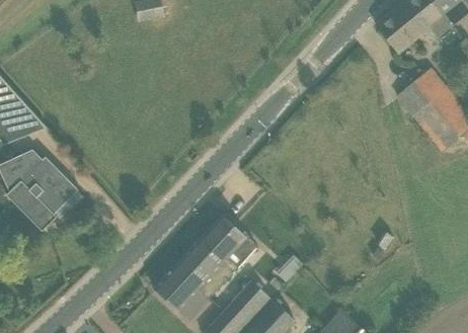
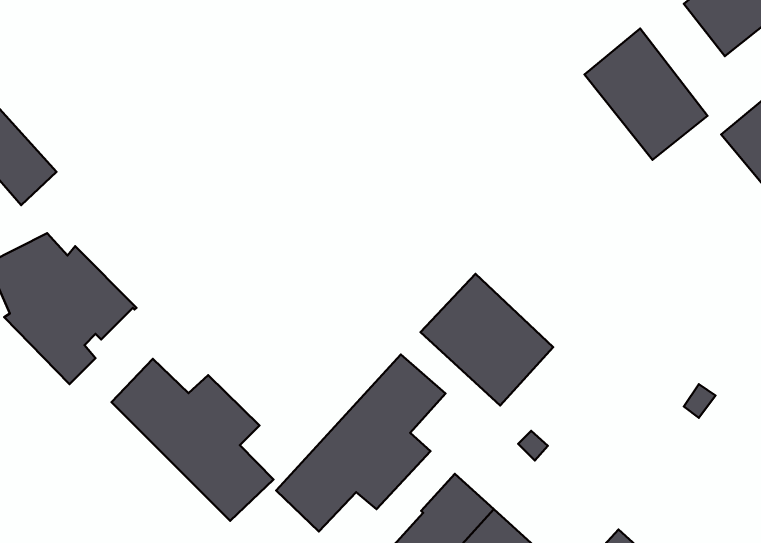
building: none -> [584,29,707,160]
building: none -> [420,274,553,405]
building: none -> [111,359,273,521]

